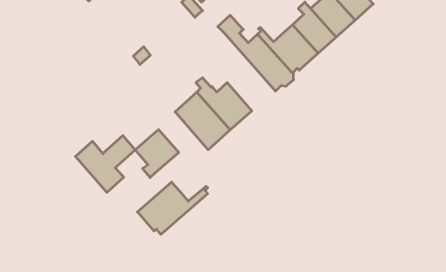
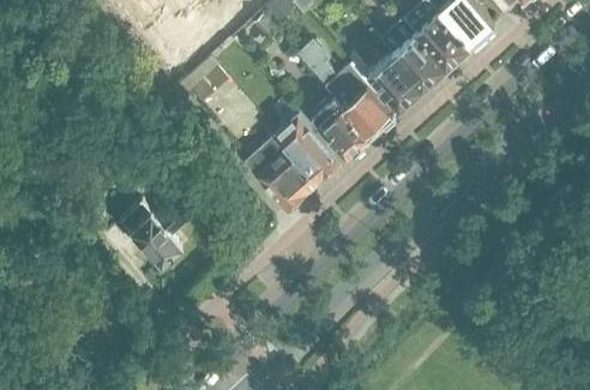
building: none -> [312,94,372,156]
building: [135,130,179,178] -> none
building: [137,182,208,234] -> none

